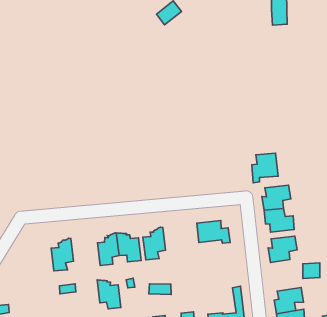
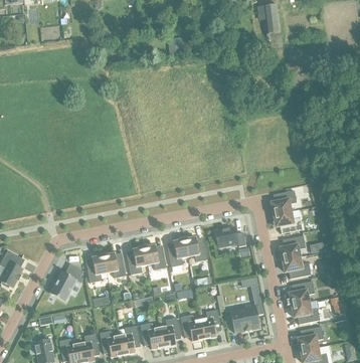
building: [252,153,278,183] -> none
building: none -> [183,235,206,261]
building: none -> [49,263,81,301]
building: none -> [282,255,310,278]
building: [97,280,121,309] -> [102,251,125,277]

